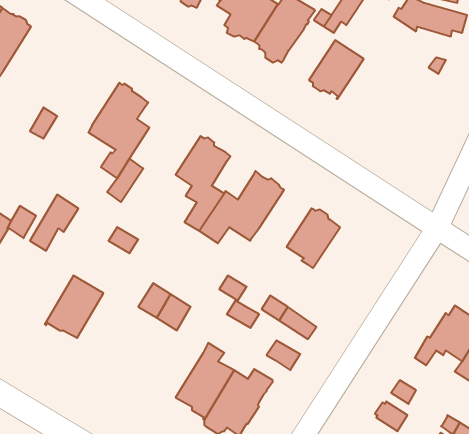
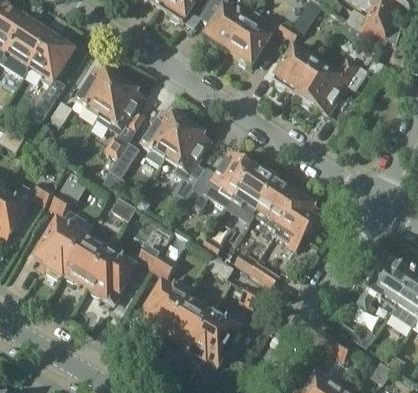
building: none -> [30,35,71,120]
building: none -> [296,57,367,109]
building: none -> [76,66,121,114]
building: none -> [141,108,186,154]
building: none -> [226,166,275,222]
building: none -> [274,196,321,248]
building: none -> [37,220,84,276]
building: none -> [87,249,134,300]
building: none -> [142,282,188,333]

